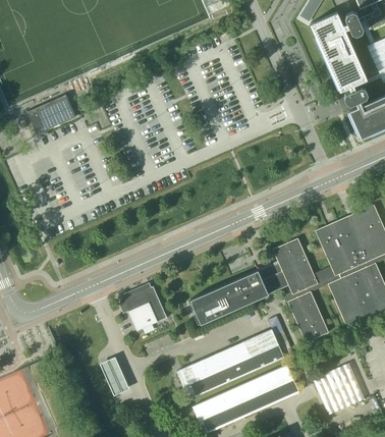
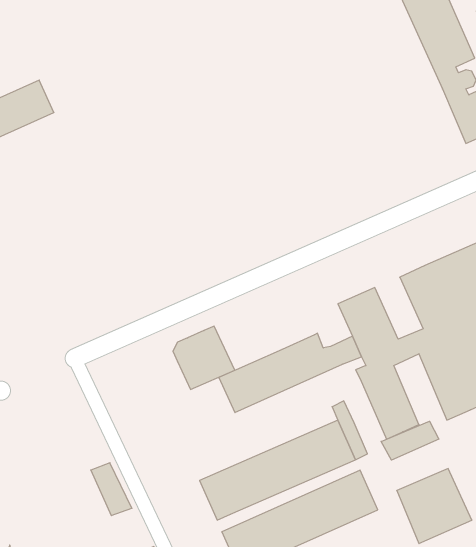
building: [124,286,167,330] -> [173,326,235,389]
building: none -> [381,421,439,460]

